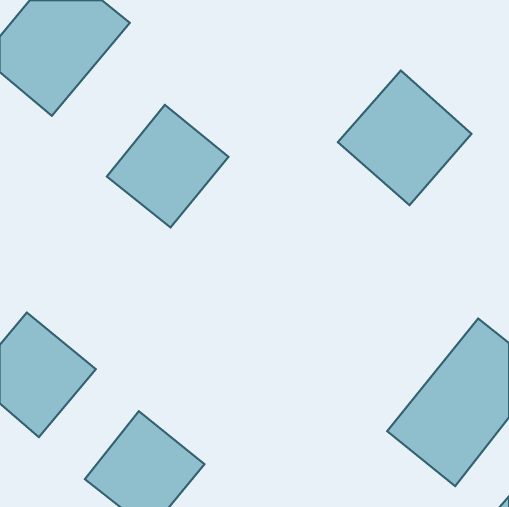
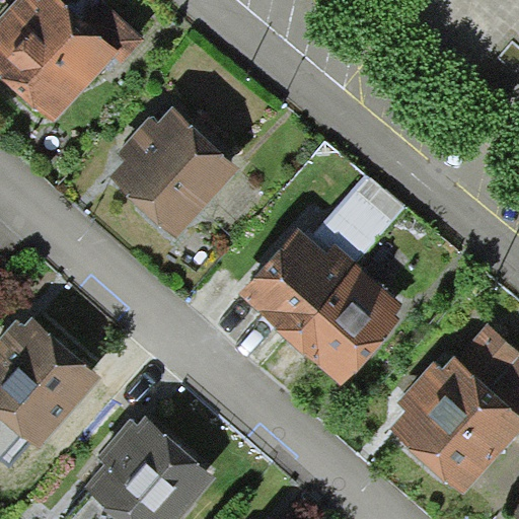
building: [338,71,472,205] -> none
building: none -> [246,180,410,380]

